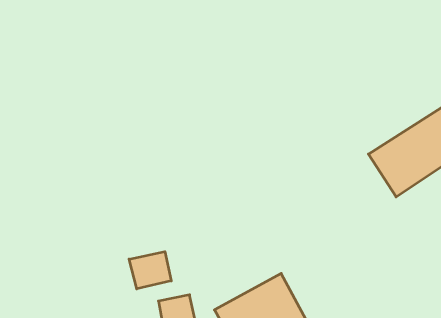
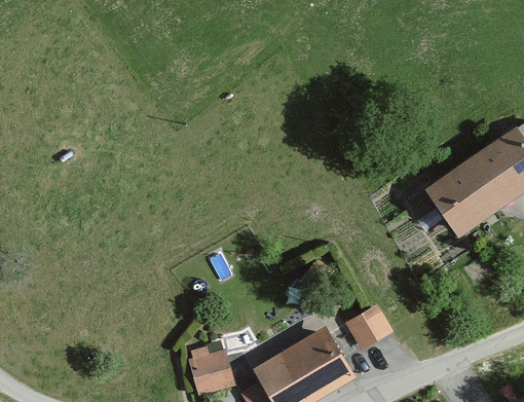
building: [129,252,171,289] -> none
building: none -> [345,304,394,352]

